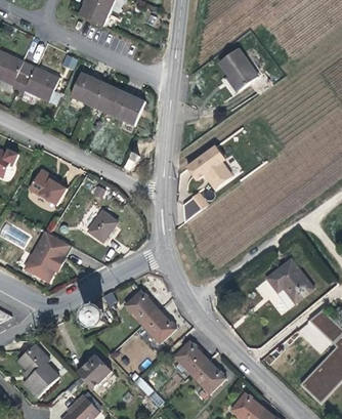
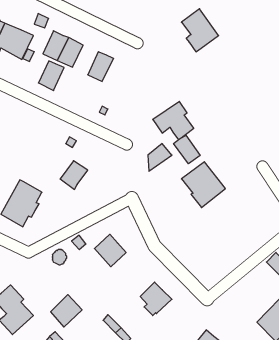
building: [101,87,129,119] -> [38,61,64,91]
building: [29,170,67,205] -> none
building: none -> [174,135,200,164]
building: [266,259,313,308] -> [181,162,225,208]
building: [142,309,176,343] -> none
building: [191,360,226,393] -> none

